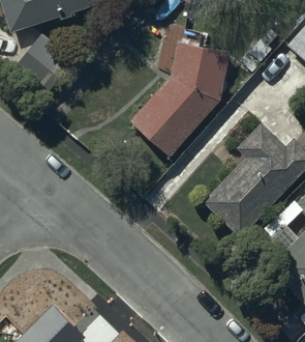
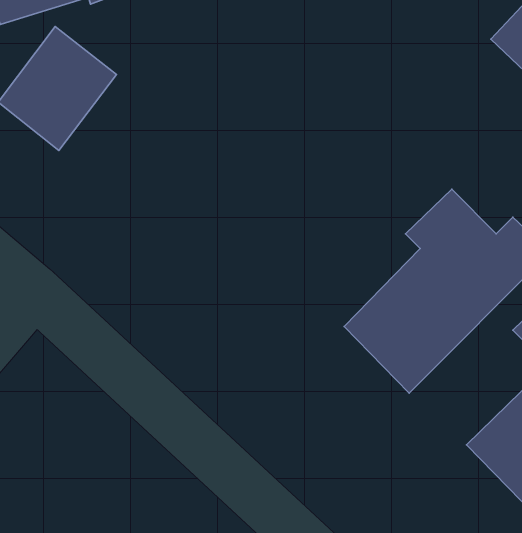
building: [130,40,230,155] -> none

